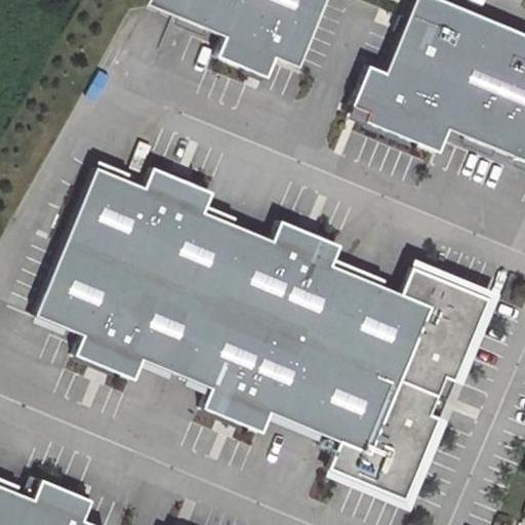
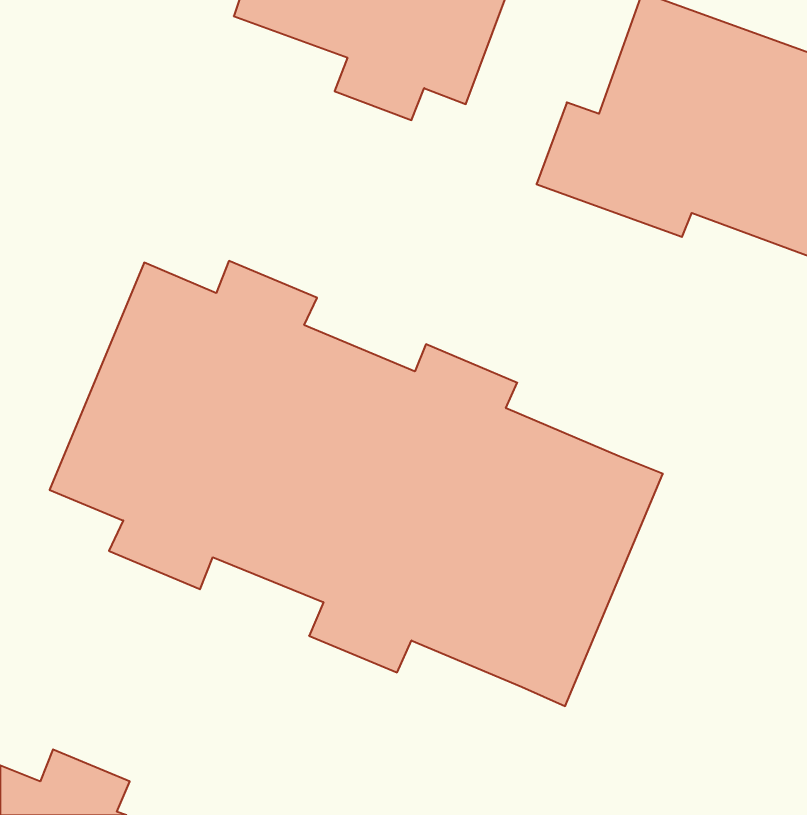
building: [330,269,486,496] -> none

